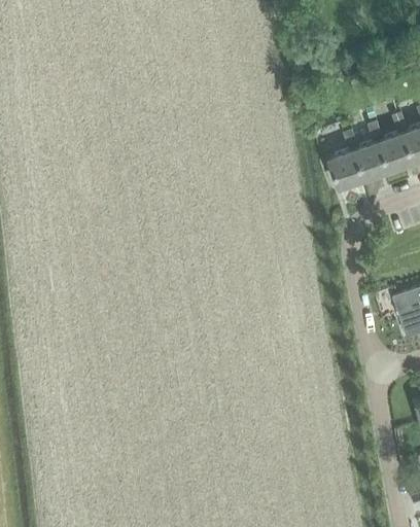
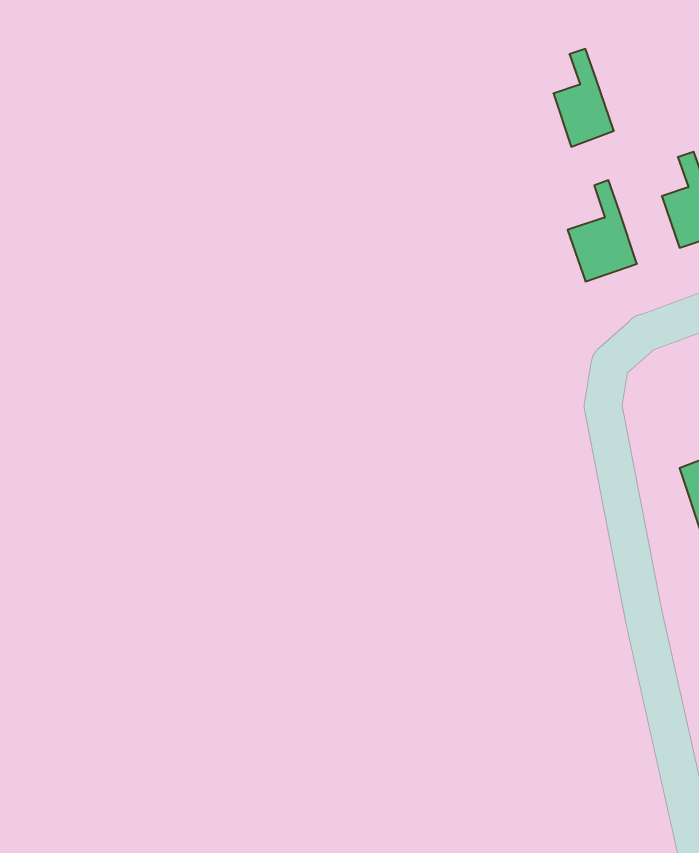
building: [360,121,395,178] -> [553,49,614,147]

